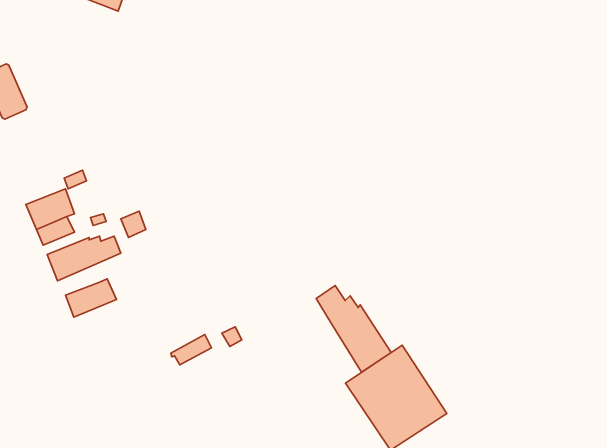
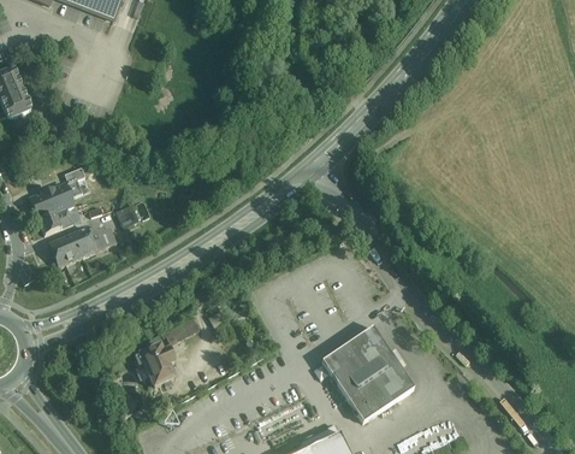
building: [65,279,117,317] -> none
building: [316,286,391,372] -> none
building: none -> [134,343,174,387]

